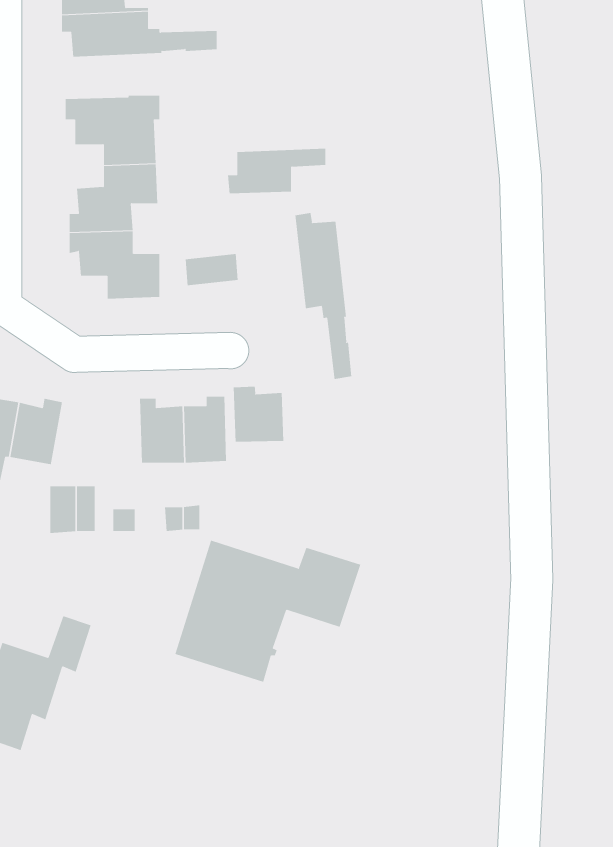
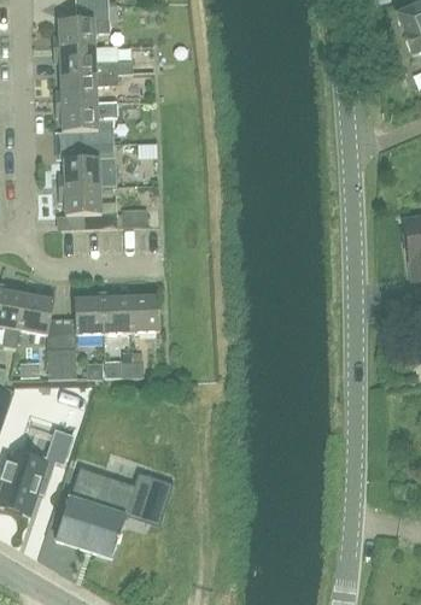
building: [227,148,326,194] -> [55,74,118,102]
building: [295,212,352,380] -> none
building: [233,386,284,443] -> none
building: none -> [75,292,105,334]
building: [174,540,361,683] -> [55,466,174,557]

